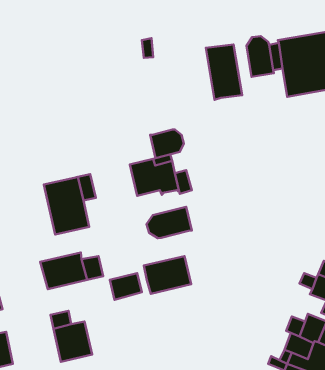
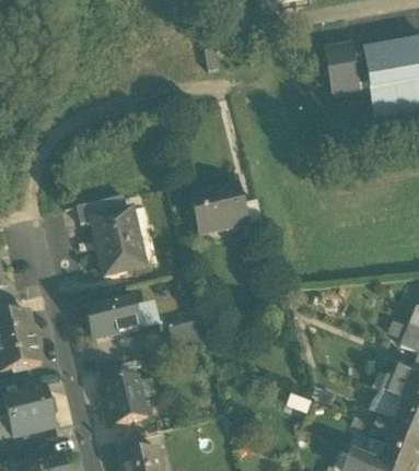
building: [206,44,242,100] -> none
building: [150,130,184,158] -> none
building: none -> [77,196,127,225]
building: [146,207,192,238] -> none
building: [144,256,191,294] -> none

